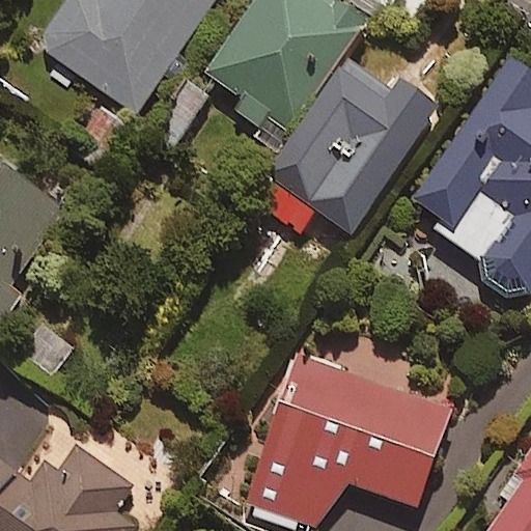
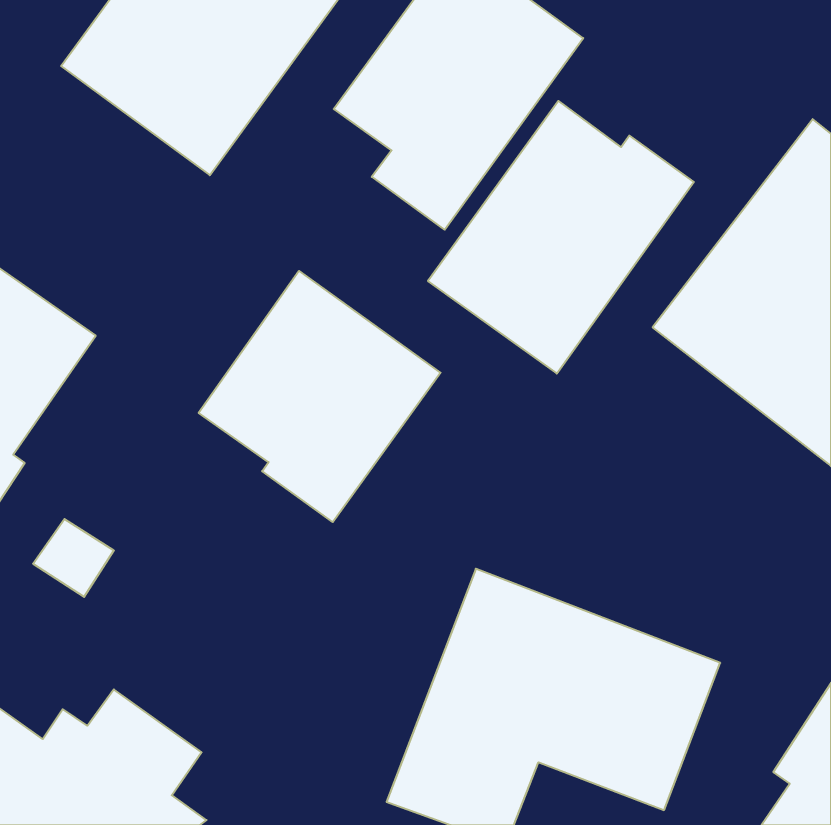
building: none -> [199,271,441,522]

